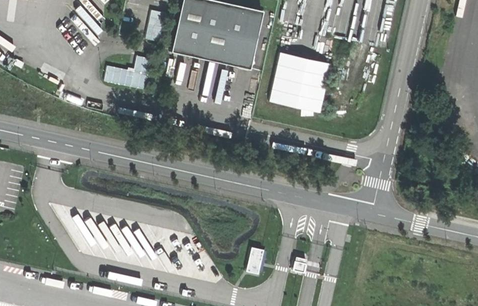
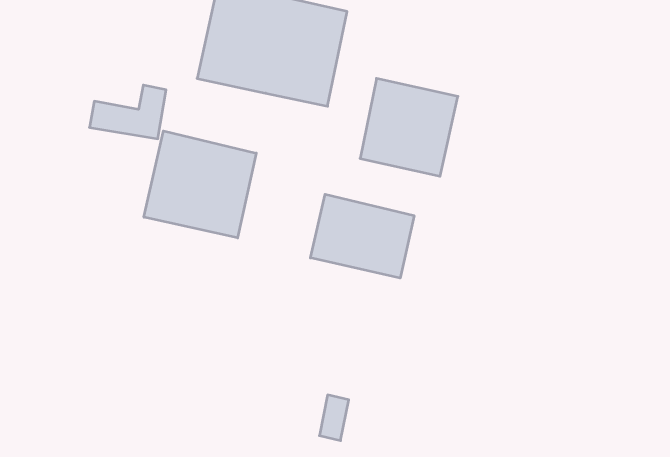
building: none -> [144,131,256,238]
building: none -> [310,194,414,278]

